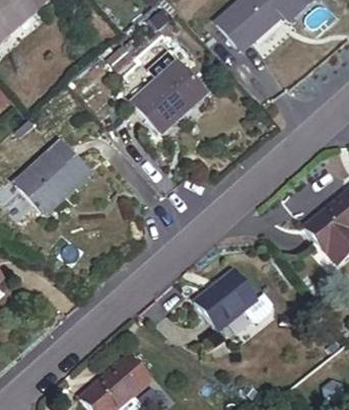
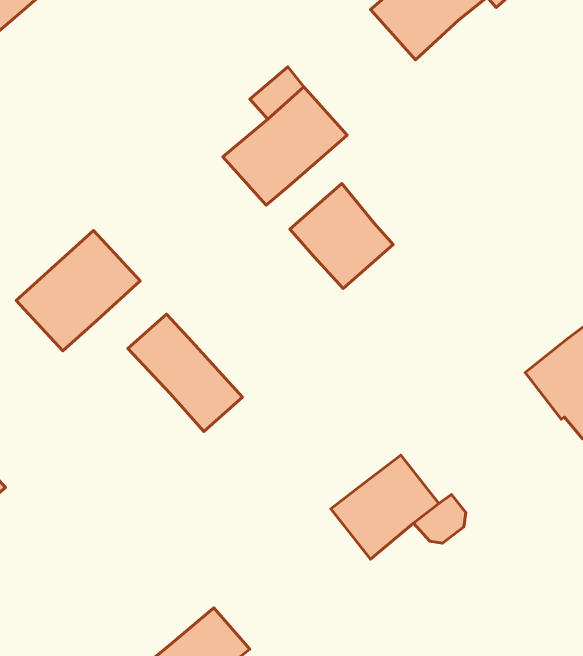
building: none -> [290,184,393,289]
building: none -> [128,314,242,431]

